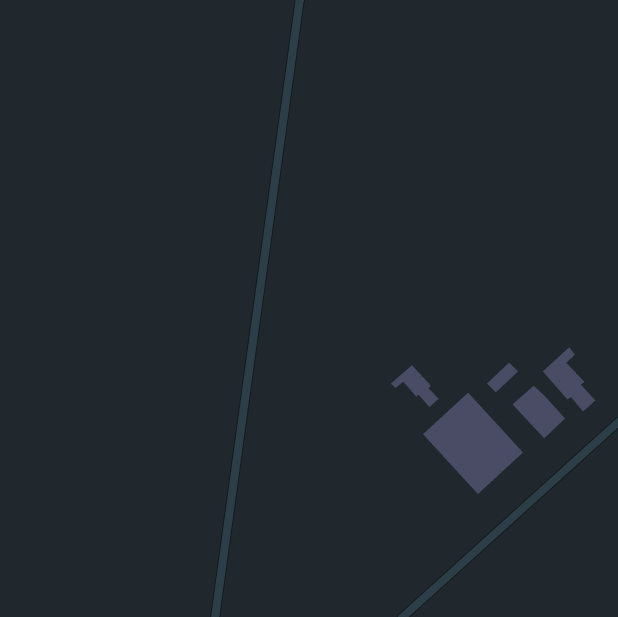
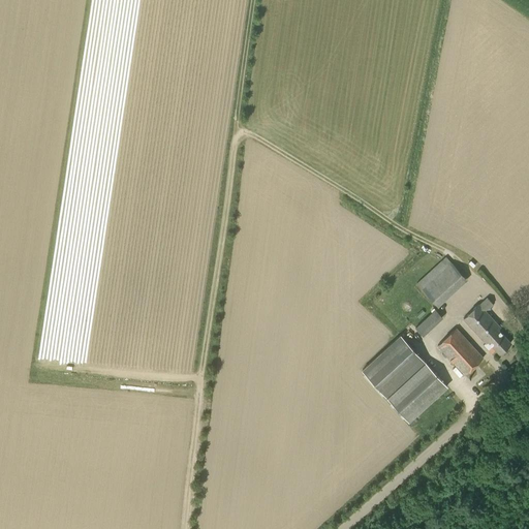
building: none -> [423,263,467,308]
building: [390,364,440,408] -> none

